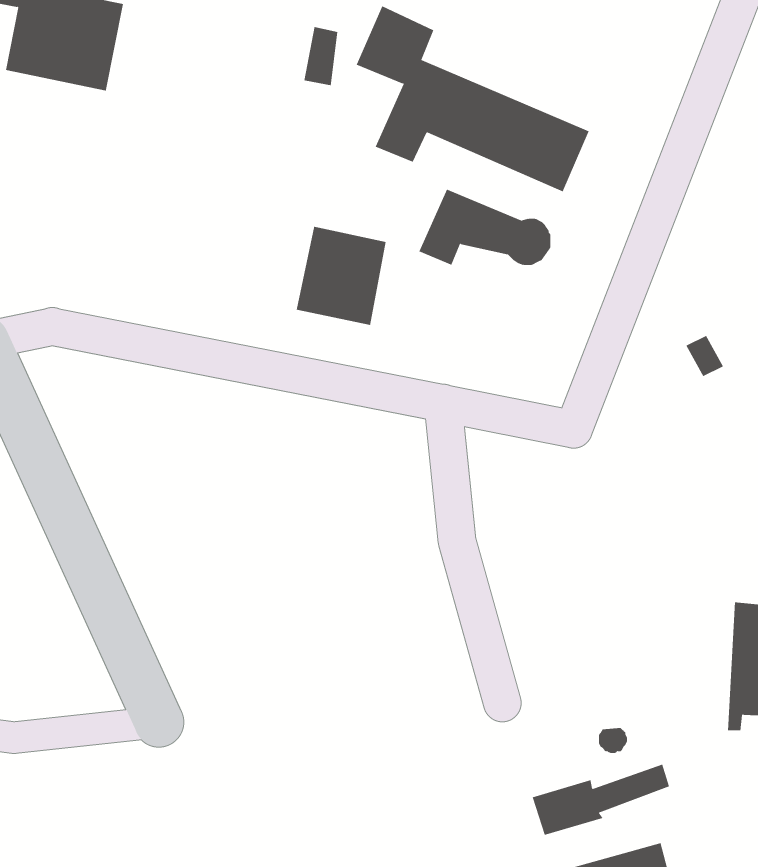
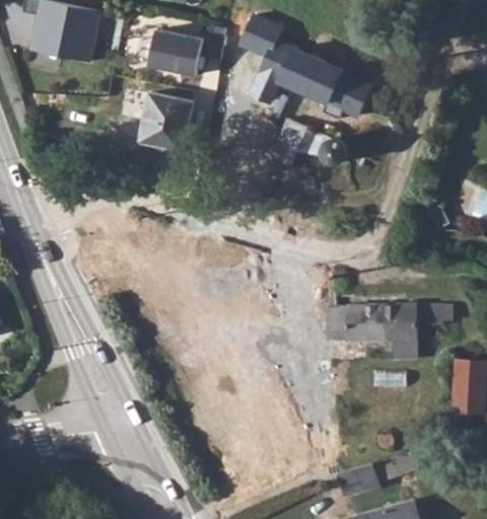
building: none -> [149,28,203,74]
building: [296,226,387,325] -> [140,91,193,149]
building: none -> [328,303,453,358]

